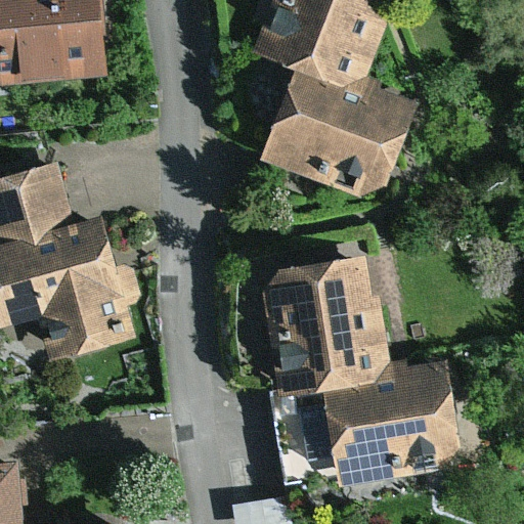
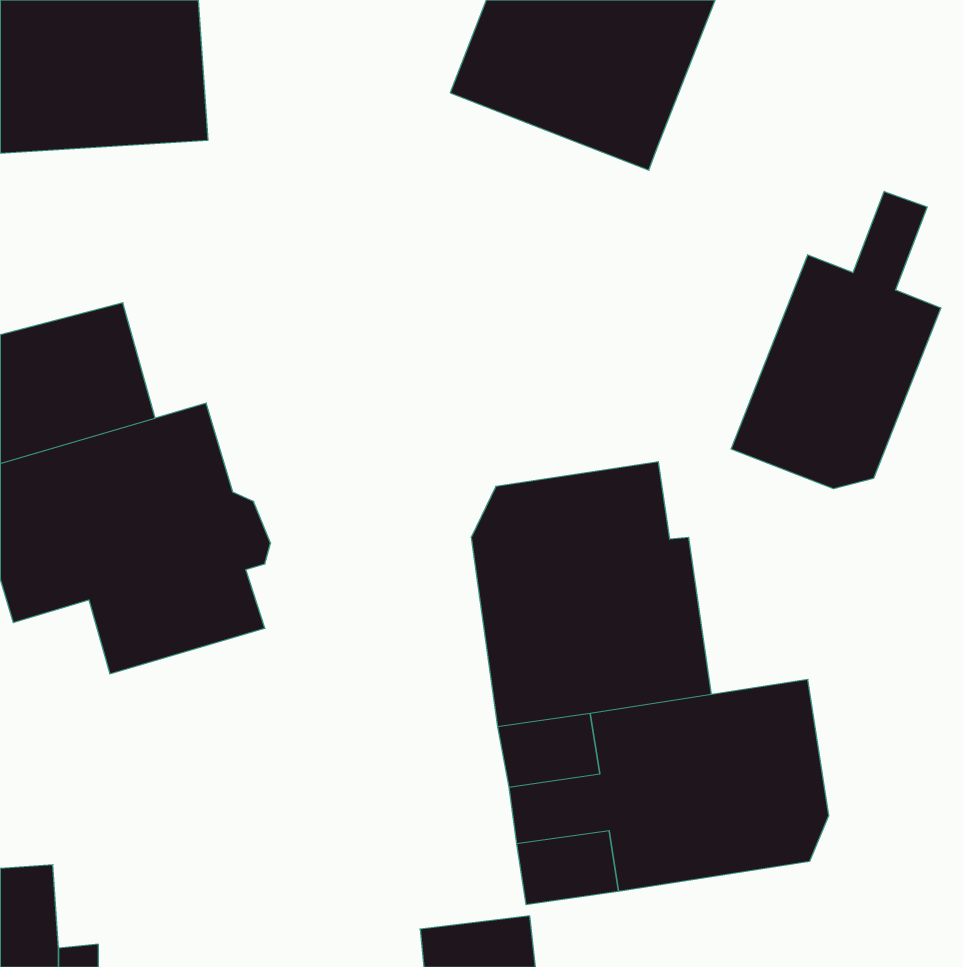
building: [253,67,409,193] -> none
building: none -> [731,191,941,489]

